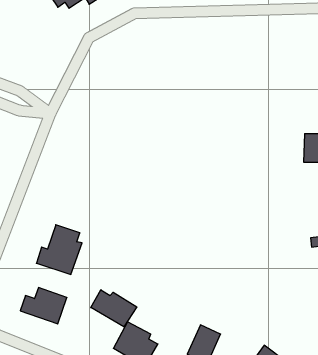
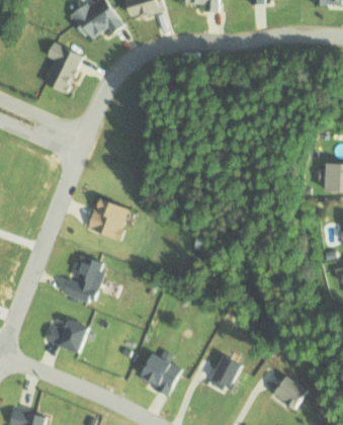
building: none -> [44,42,83,94]
building: none -> [85,195,128,240]
building: [91,290,137,327] -> none

